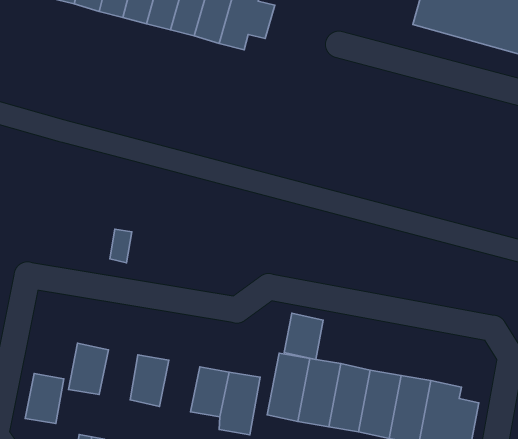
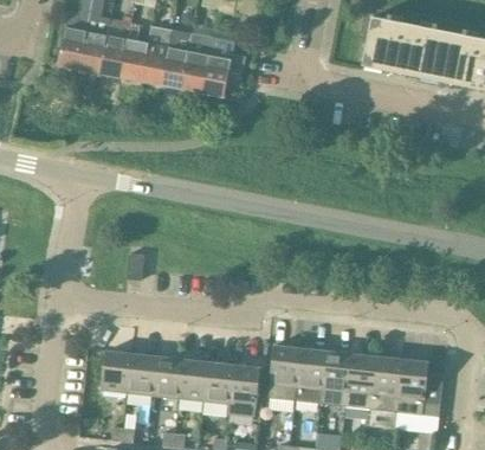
building: [284,313,323,359] -> none
building: none -> [177,359,208,400]
building: [25,374,64,424] -> [127,354,156,394]

